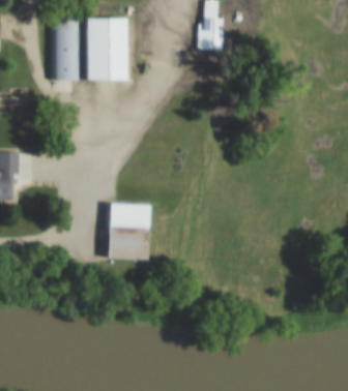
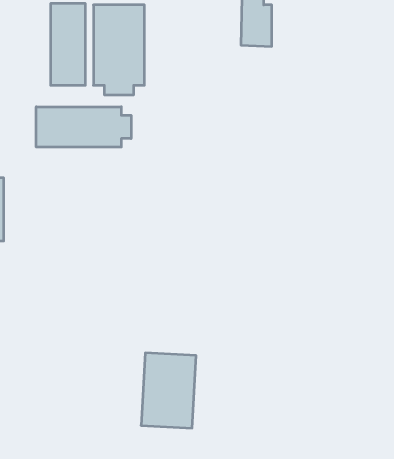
building: none -> [36,107,131,147]
building: [106,203,148,261] -> [141,353,196,428]

